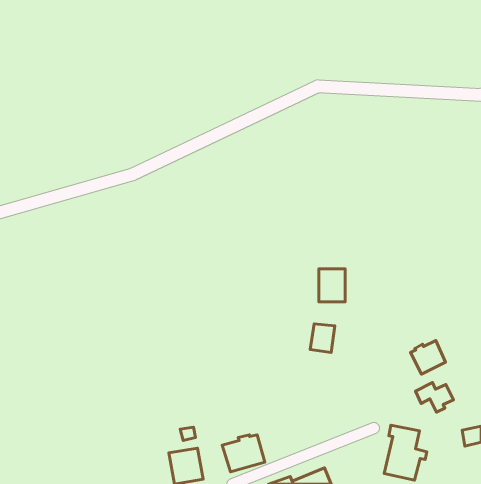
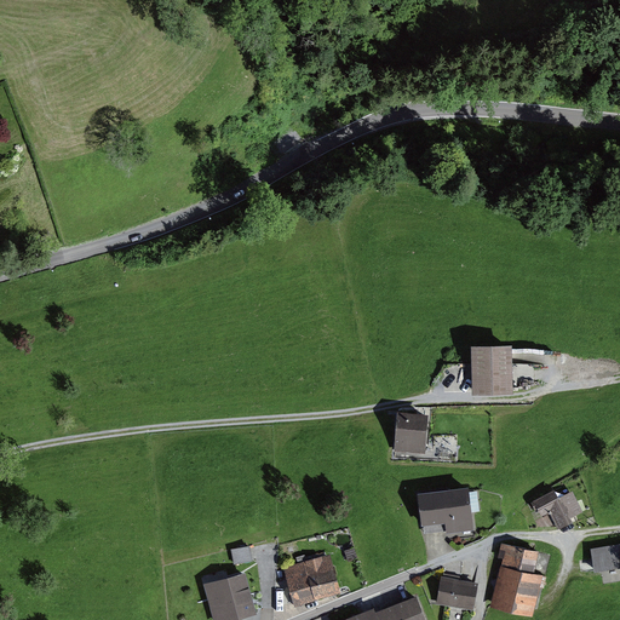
building: [319,269,345,302] -> [477,348,511,390]
building: [411,341,446,374] -> none
building: none -> [415,489,469,535]
building: none -> [437,578,476,608]

